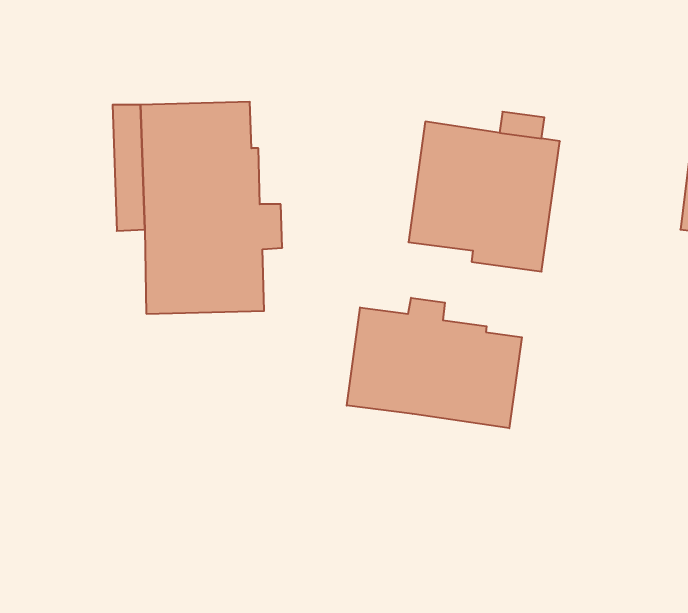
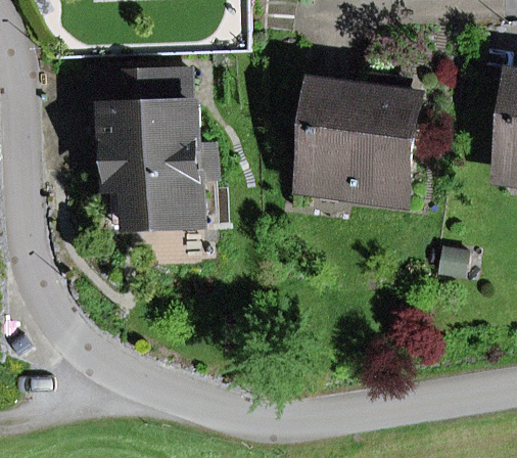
building: [347,298,522,428] -> none

